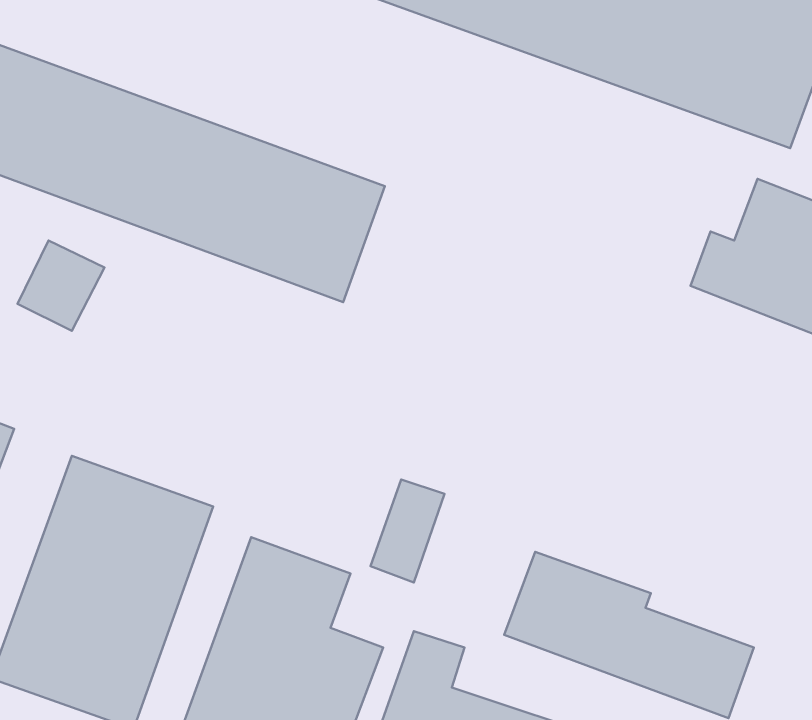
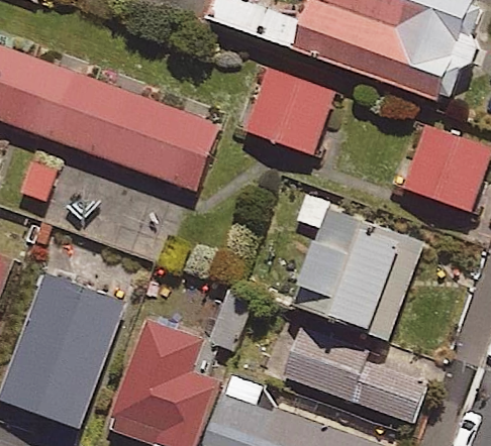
building: none -> [248,68,335,153]
building: none -> [291,189,422,343]

